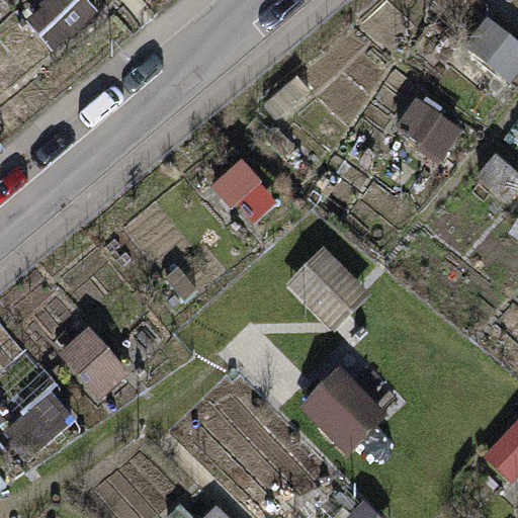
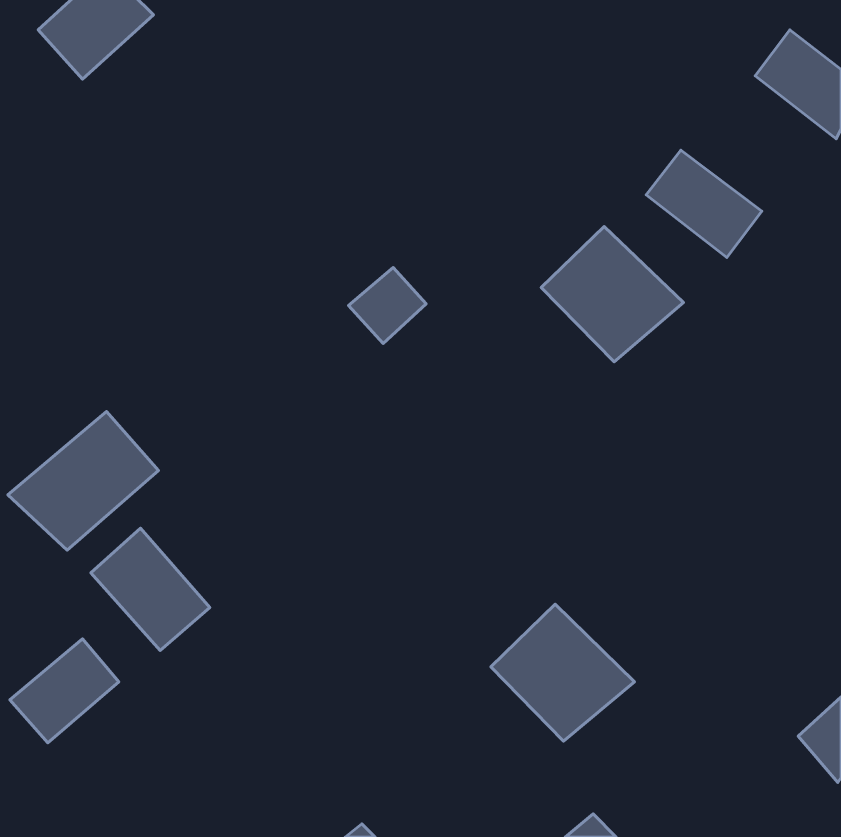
building: [286,247,373,330] -> [541,227,683,362]
building: none -> [8,412,158,550]

